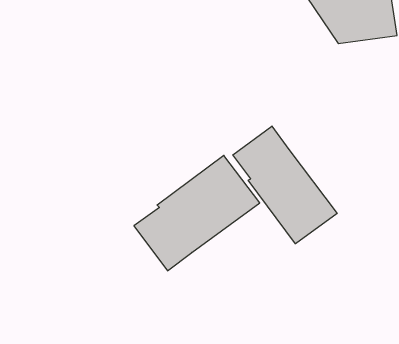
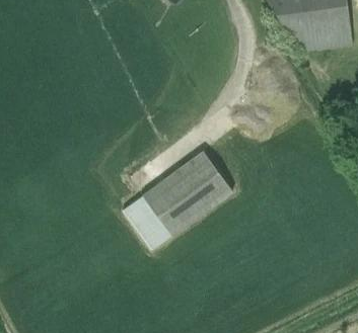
building: [233,126,337,244] -> none

